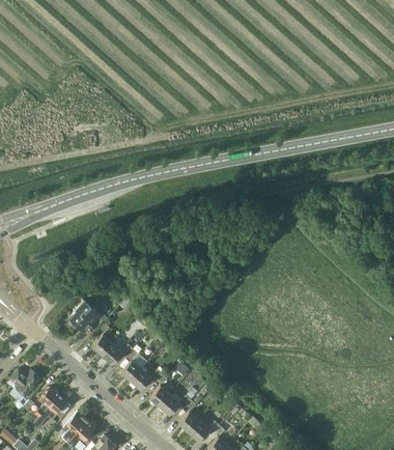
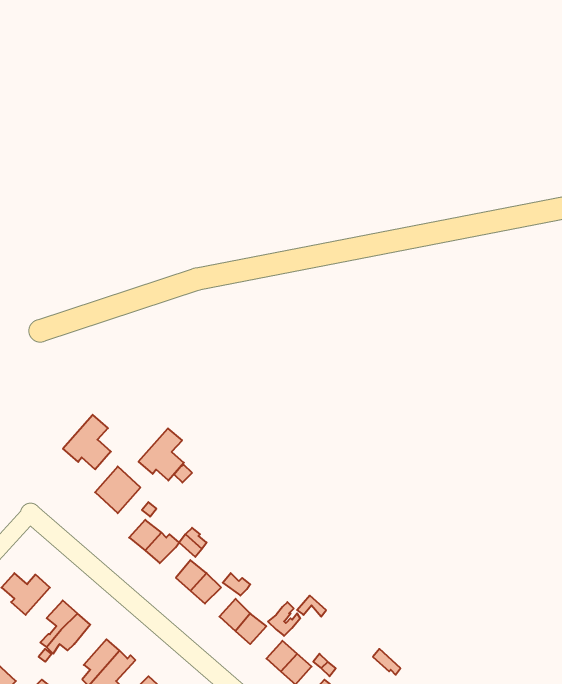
building: none -> [63,415,111,469]
building: none -> [139,428,184,481]

